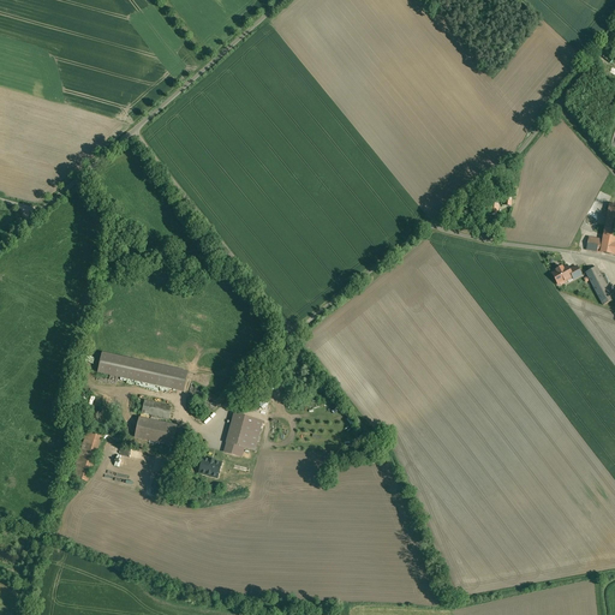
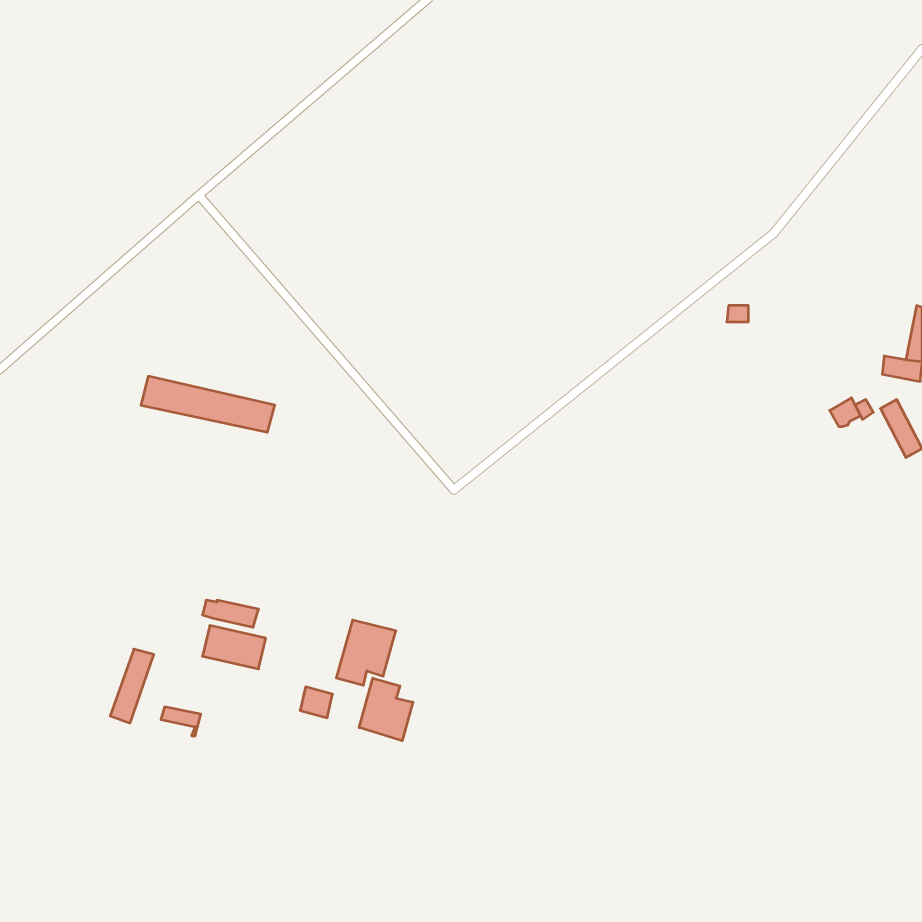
building: [98,352,187,389] -> [141,376,275,432]
building: none -> [359,678,413,741]

